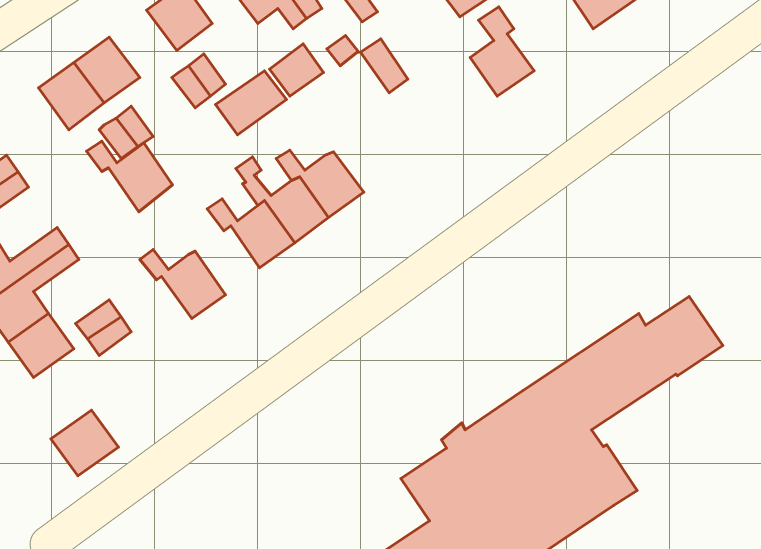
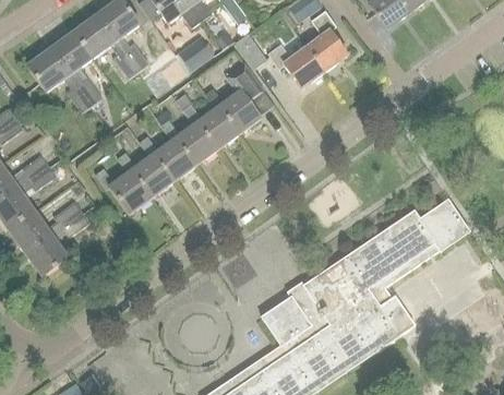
building: none -> [74,14,118,58]
building: none -> [269,44,325,87]
building: none -> [205,62,261,132]
building: [87,141,173,212] -> [116,153,171,199]
building: [51,410,118,476] -> [25,234,69,276]

